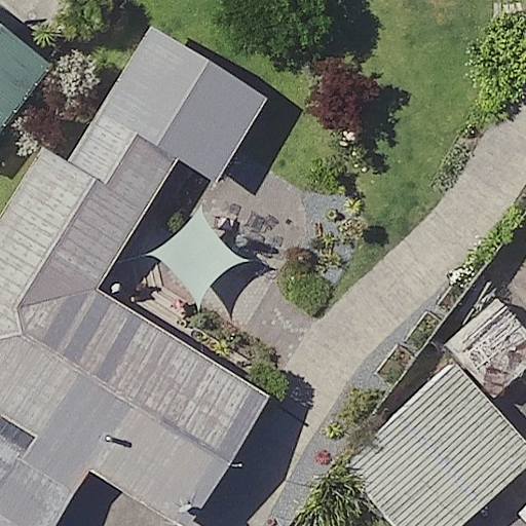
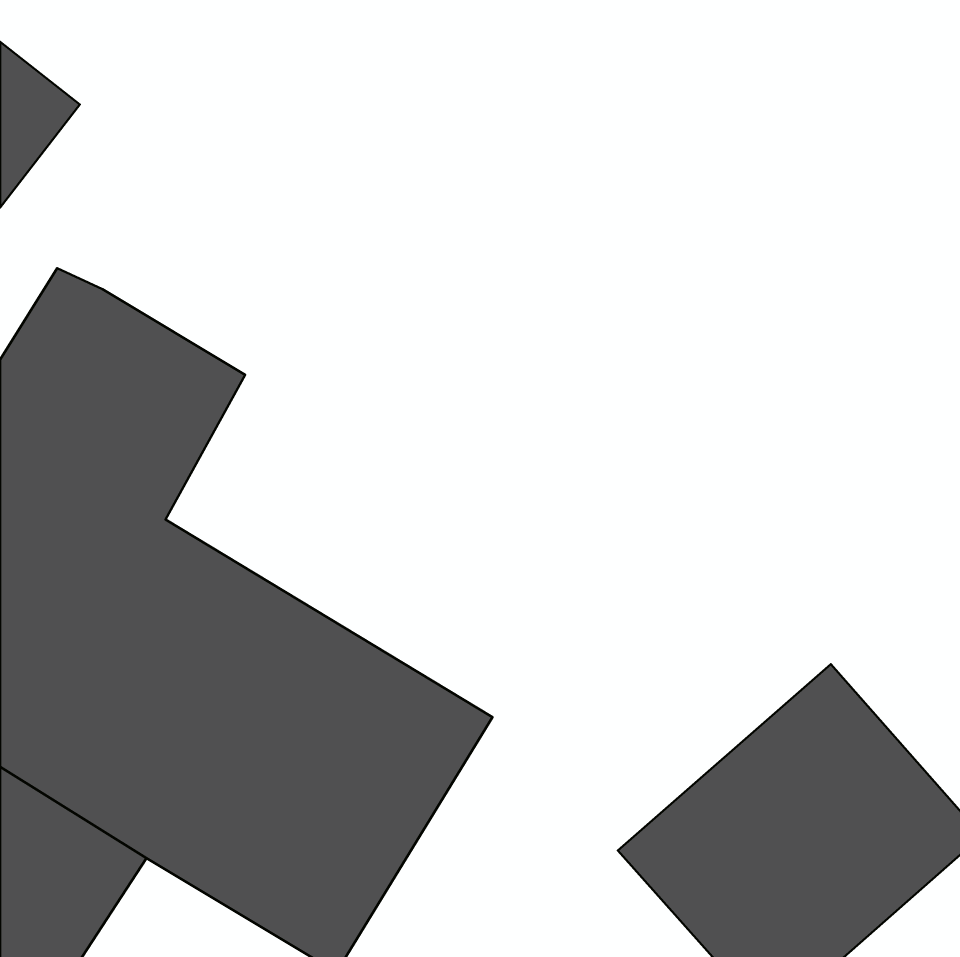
building: [62,25,269,211] -> none

